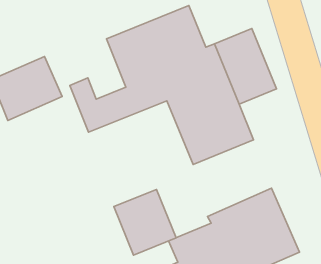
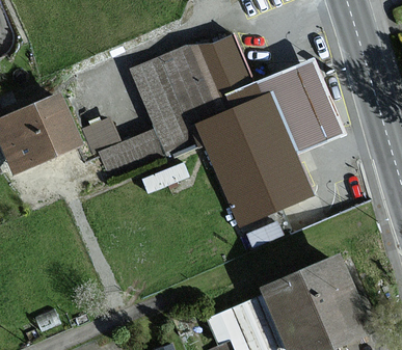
building: [114,189,176,255] -> none

